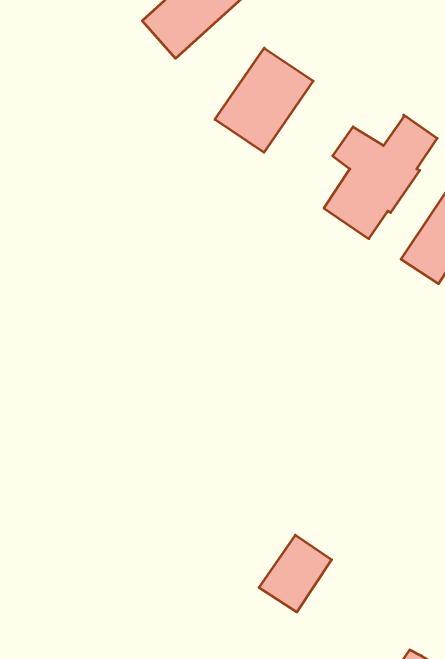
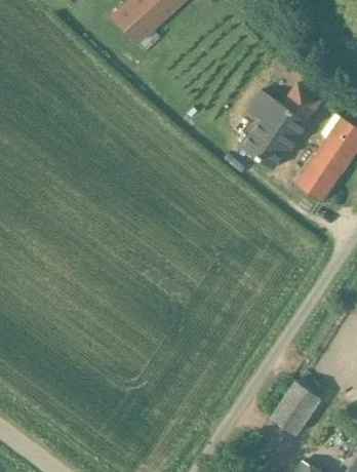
building: [215,48,313,152] -> none
building: [259,535,332,612] -> [270,381,321,435]

